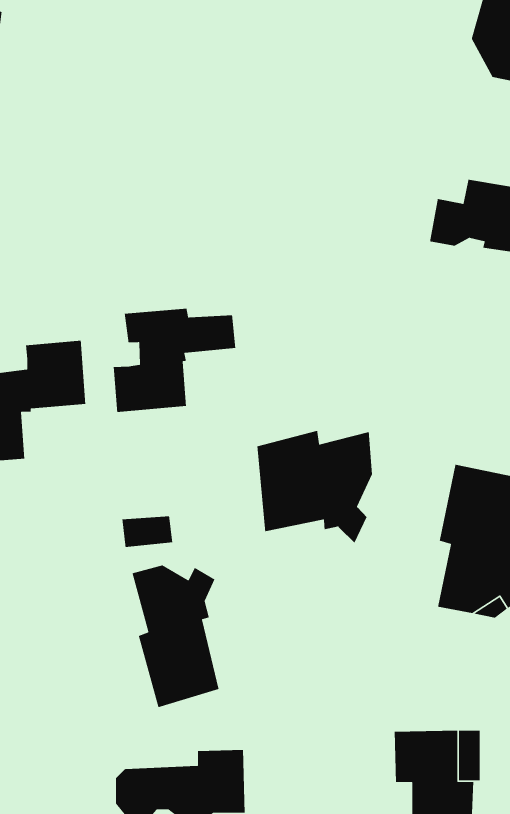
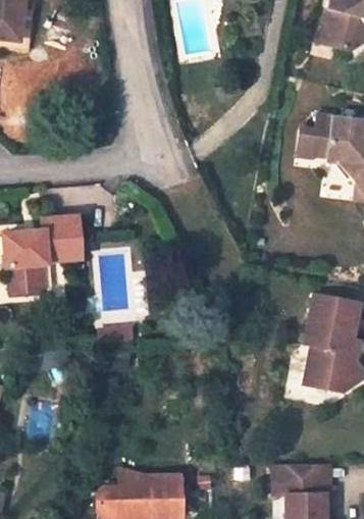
building: [113,308,236,413] -> none
building: [257,430,373,544] -> none
building: [132,564,220,708] -> none

